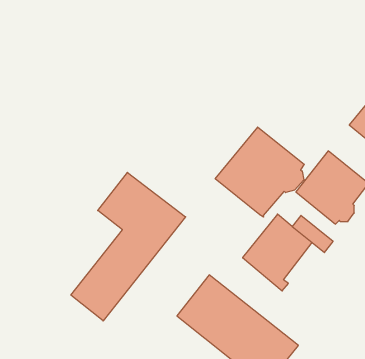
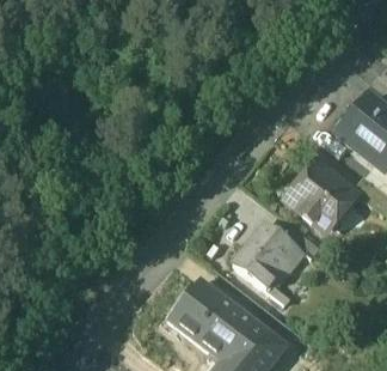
building: [215,127,304,217] -> none
building: [71,172,186,321] -> none

